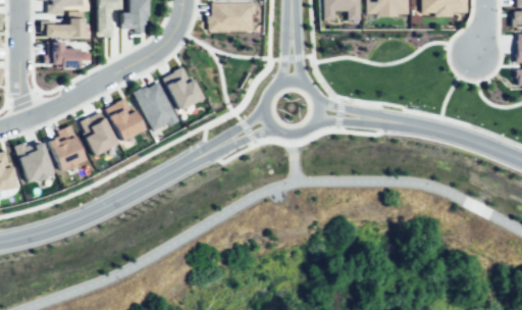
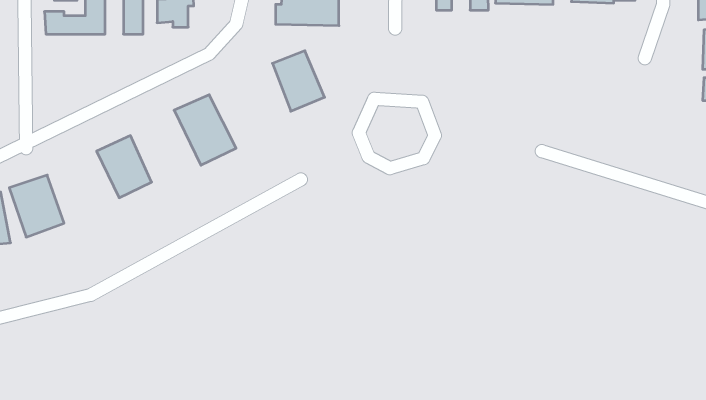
building: [48,42,82,67] -> none
building: [165,67,203,111] -> [272,51,325,111]
building: [109,98,145,141] -> none
building: [50,125,88,172] -> none

